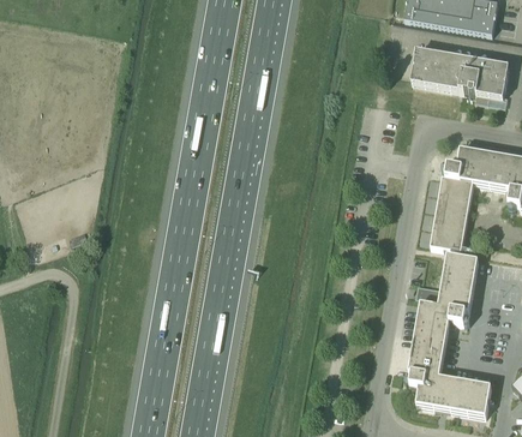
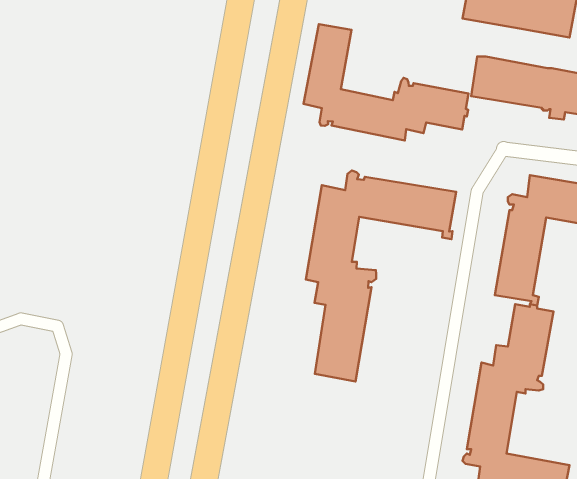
building: none -> [303,24,469,140]
building: none -> [306,170,456,381]

